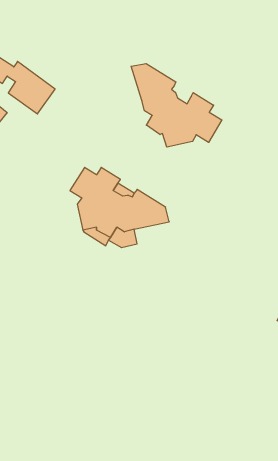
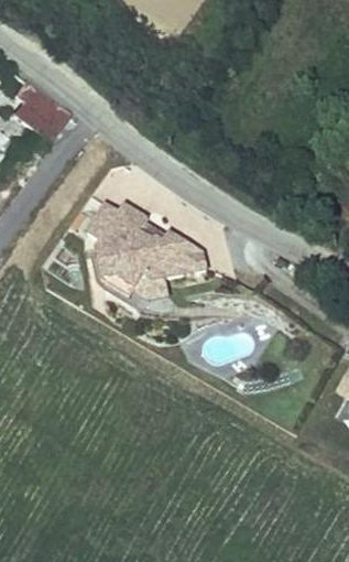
building: [131,64,222,147] -> none

